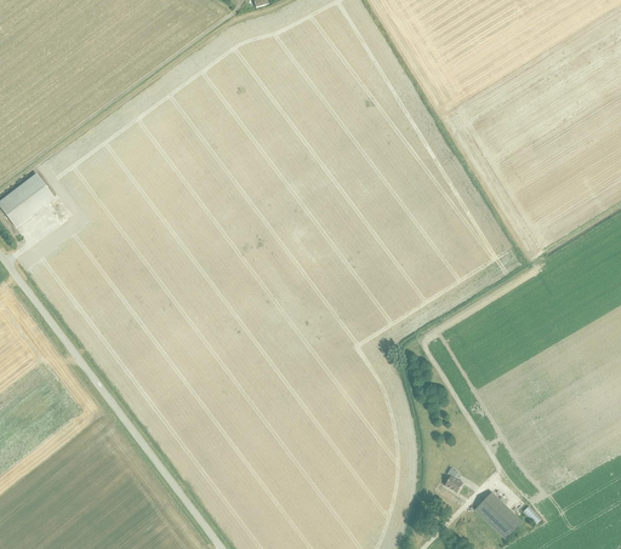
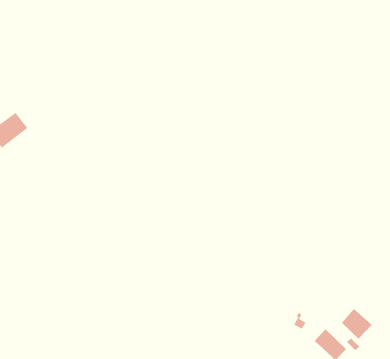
building: none -> [341,308,372,339]

